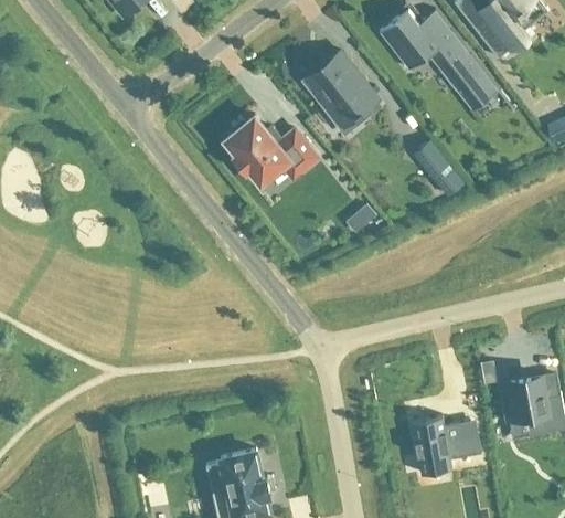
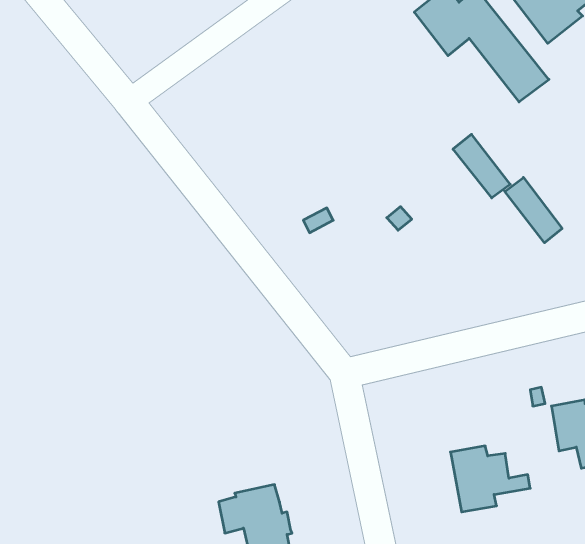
building: [308,53,377,124] -> none
building: [226,116,318,183] -> none
building: none -> [505,177,562,243]

